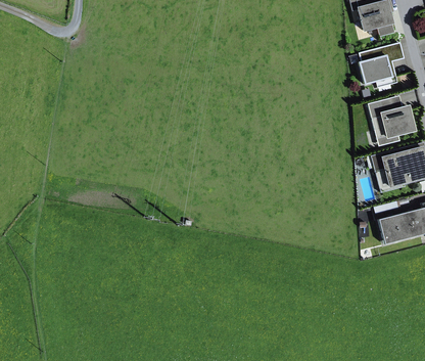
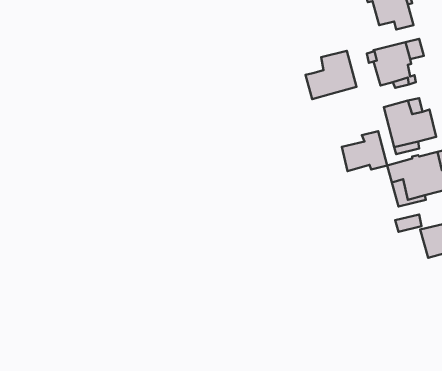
building: none -> [305,51,356,99]
building: none -> [342,131,387,171]
building: [378,213,408,243] -> none

